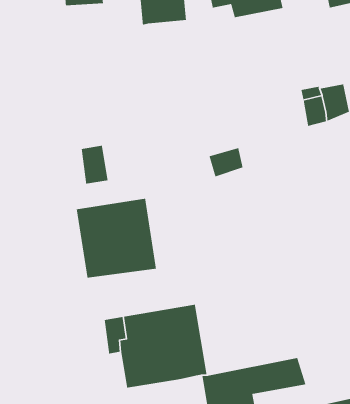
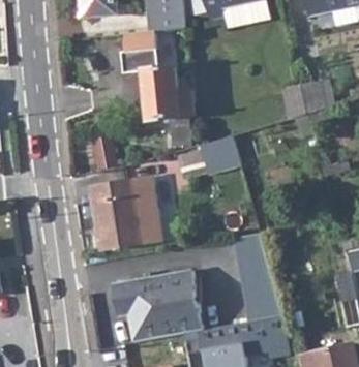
building: none -> [121,30,196,146]

